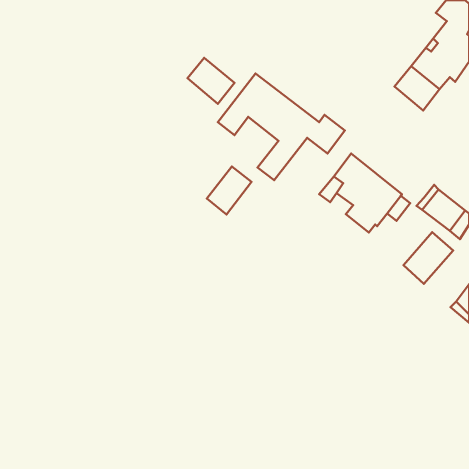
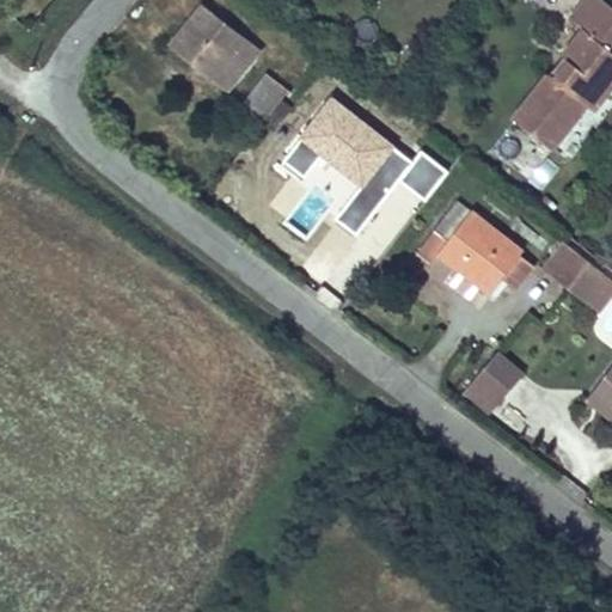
building: none -> [172,7,249,91]
building: [207,167,251,215] -> none
building: [404,232,453,284] -> [461,348,526,415]

